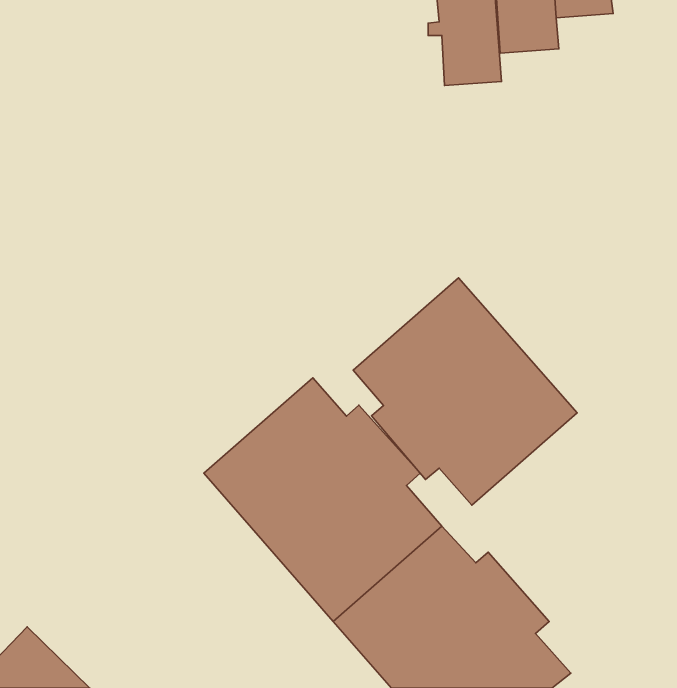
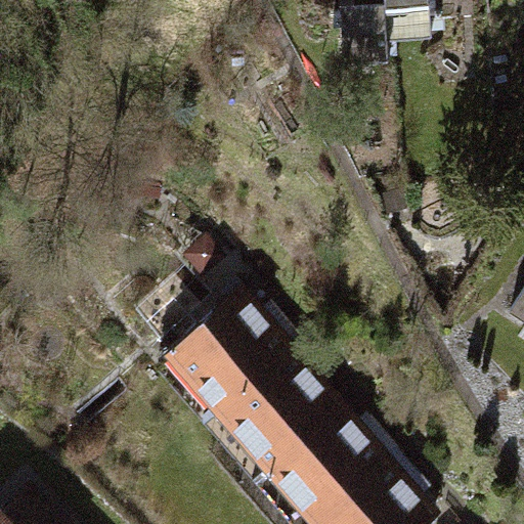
building: [353,278,577,505] -> none

